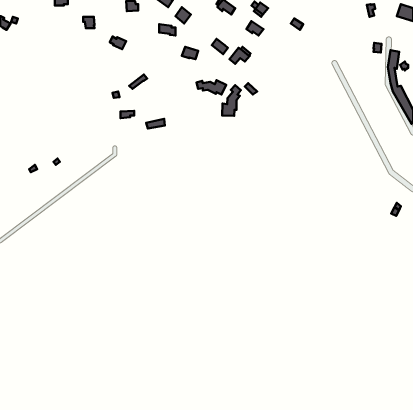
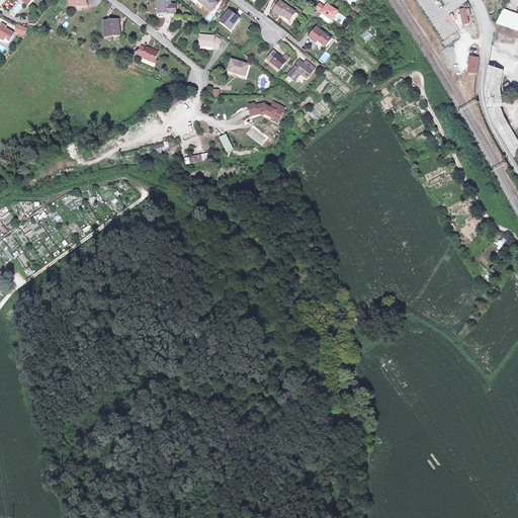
building: [222,85,241,116] -> none

